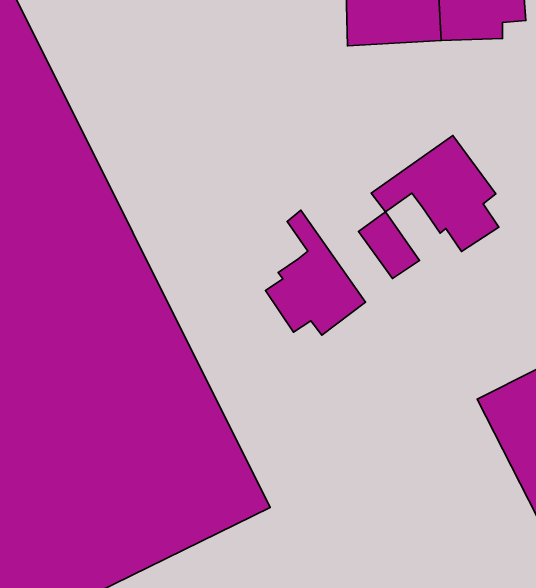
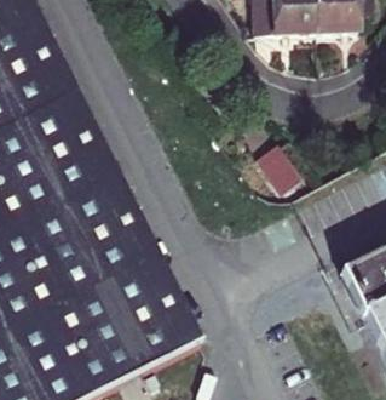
building: [371,136,499,252] -> none
building: [265,210,366,335] -> none

